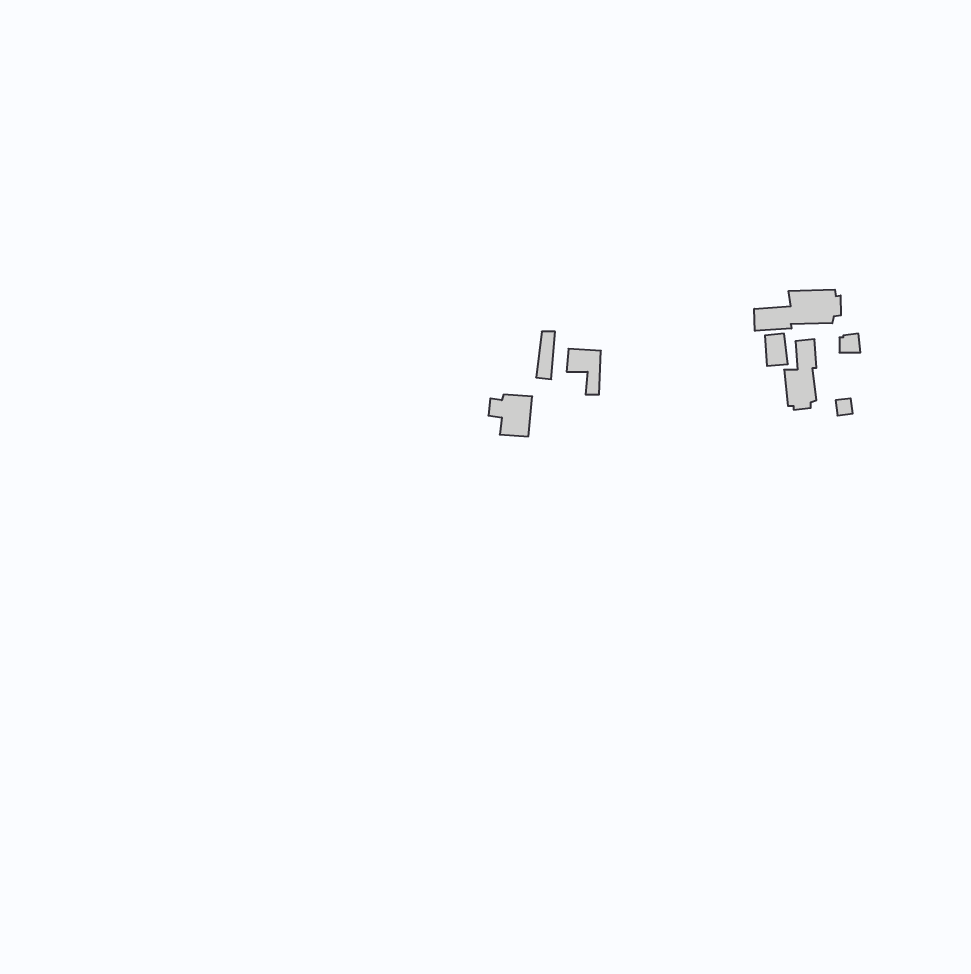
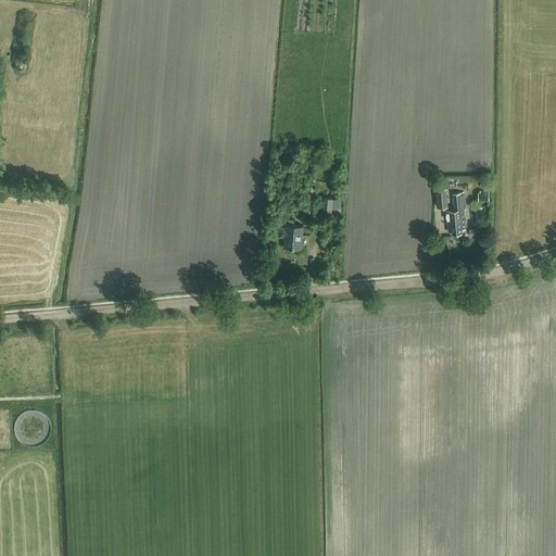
building: [754,290,841,331] -> none

